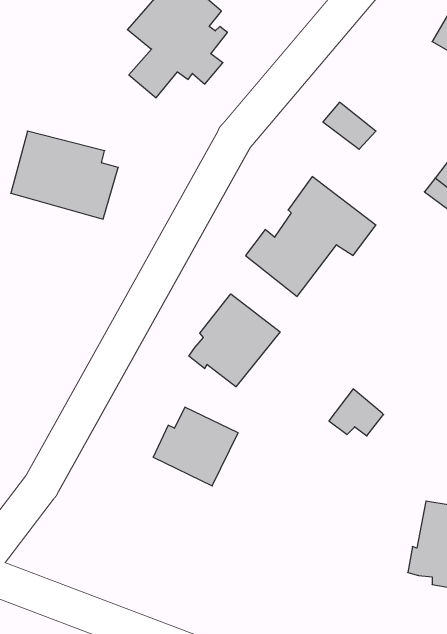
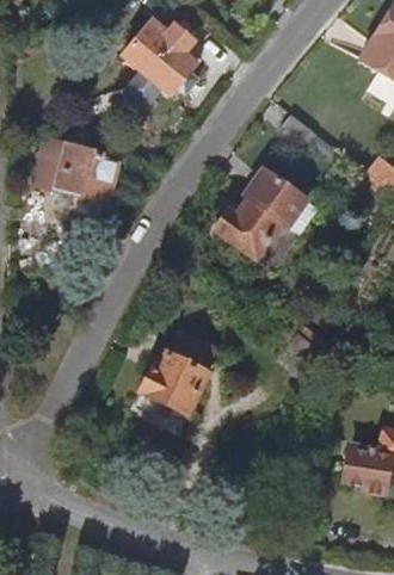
building: [189,294,280,387] -> none

